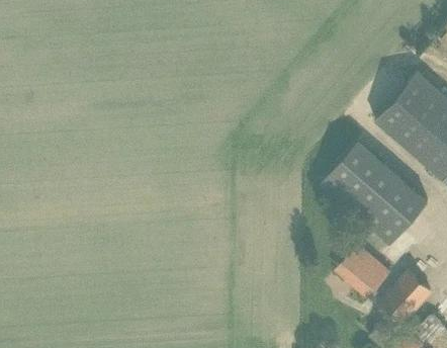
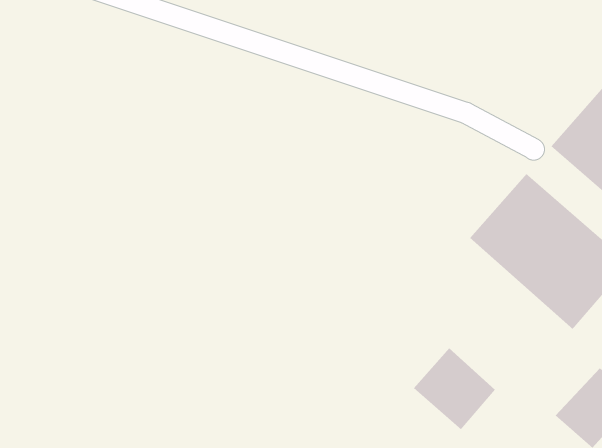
building: [334,244,389,299] -> [413,348,496,430]

